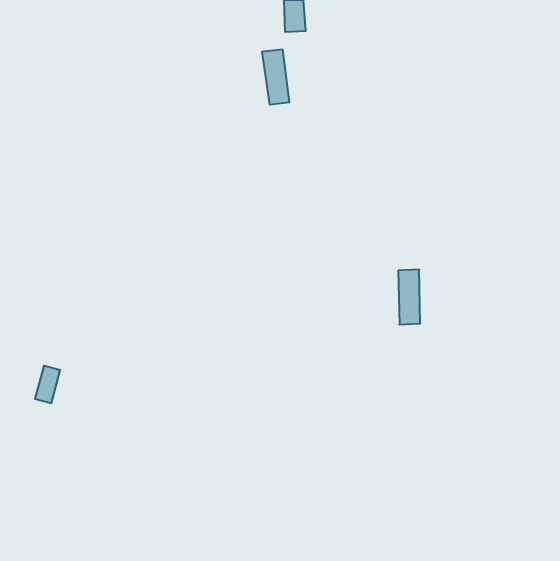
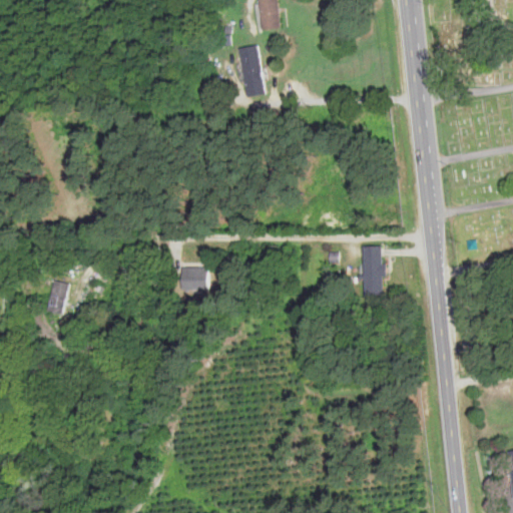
building: none -> [181,268,208,293]
building: [35,366,60,403] -> [46,281,69,315]

